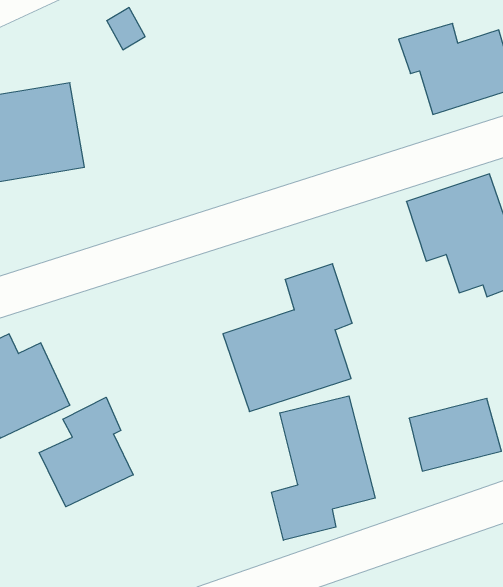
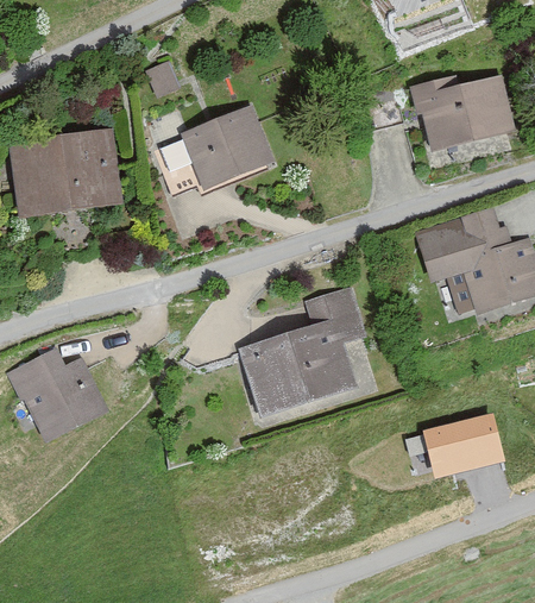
building: none -> [182,106,273,194]
building: [271,396,375,540] -> none
building: [39,397,133,507] -> none

